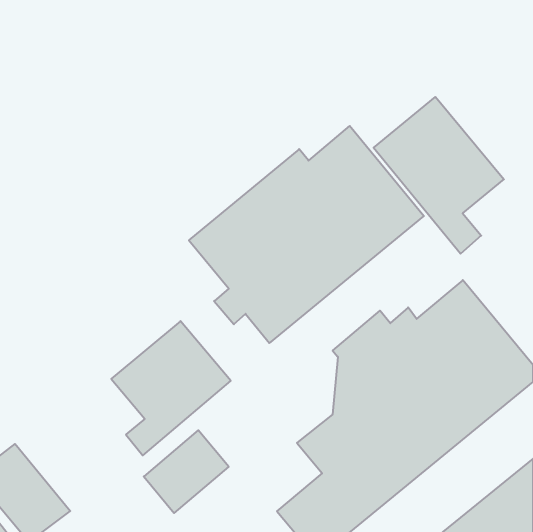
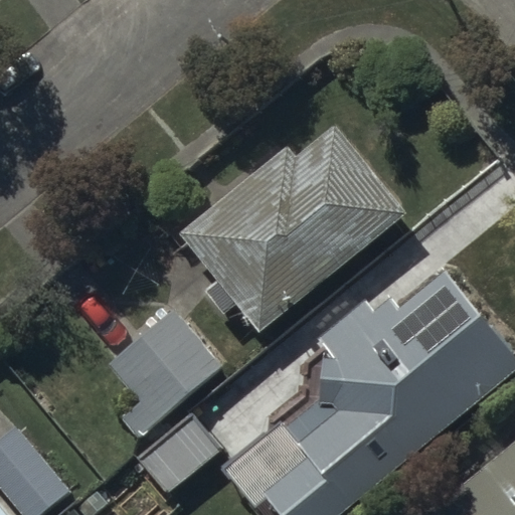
building: [374,97,504,254] -> none

